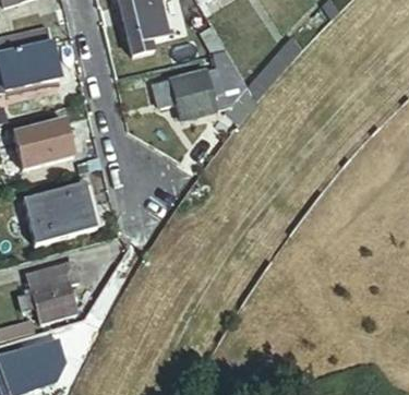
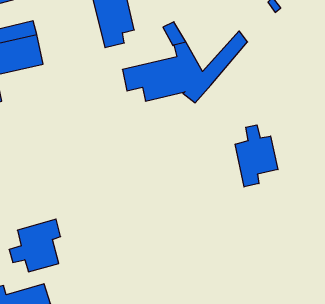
building: [19,120,73,166] -> none
building: none -> [235,125,278,187]
building: [23,183,96,244] -> none

